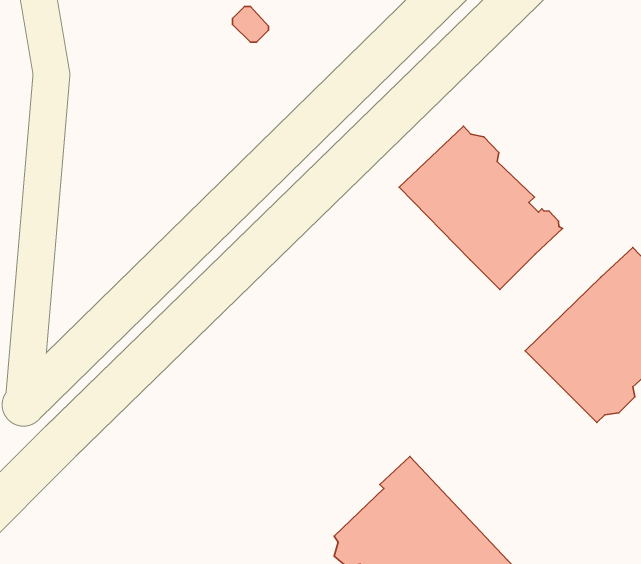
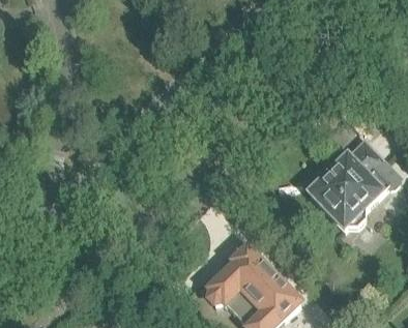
building: [399,126,562,290] -> none

